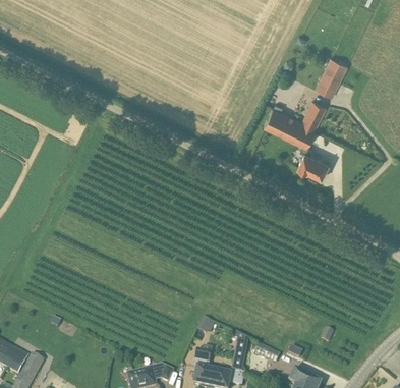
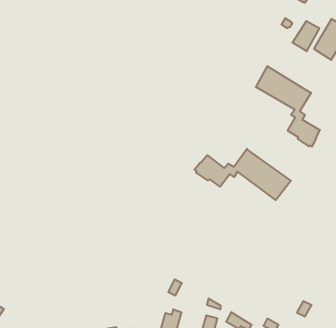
building: [301,101,326,129] -> [292,21,319,51]
building: none -> [194,149,291,200]

